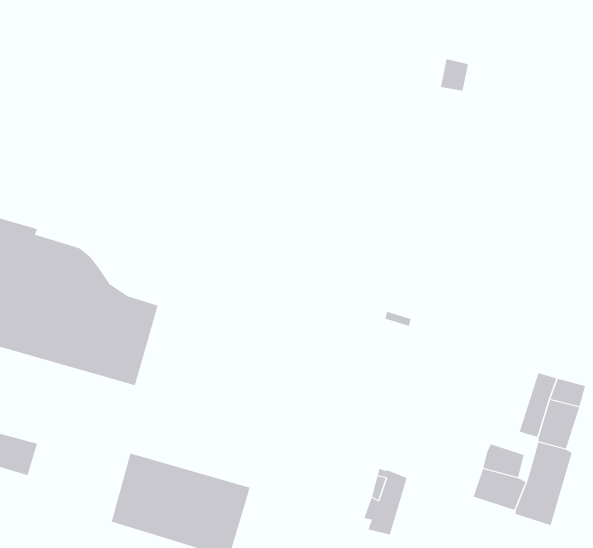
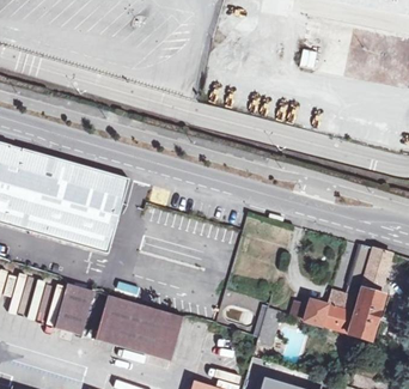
building: none -> [49,156,132,203]
building: none -> [55,284,94,335]
building: none -> [292,299,328,326]

